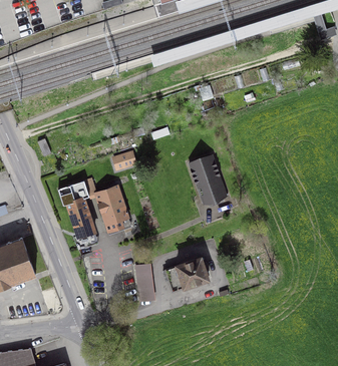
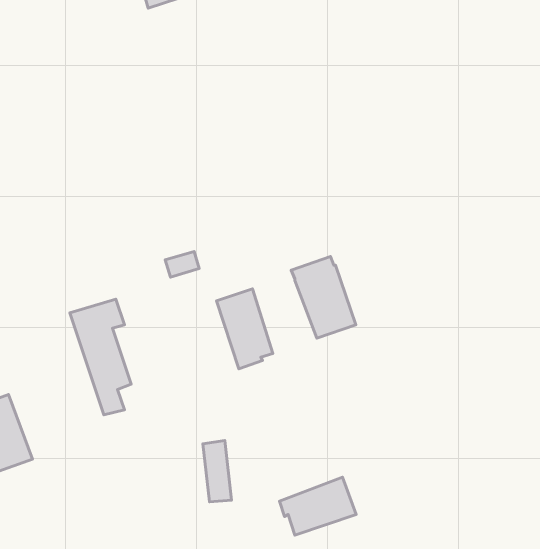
building: [96,187,129,234] -> [217,289,273,369]
building: [163,258,209,292] -> [279,477,356,535]

